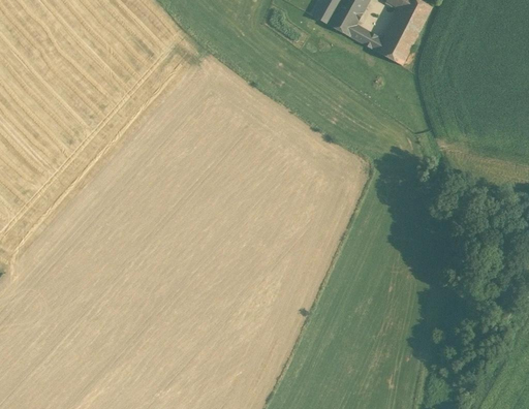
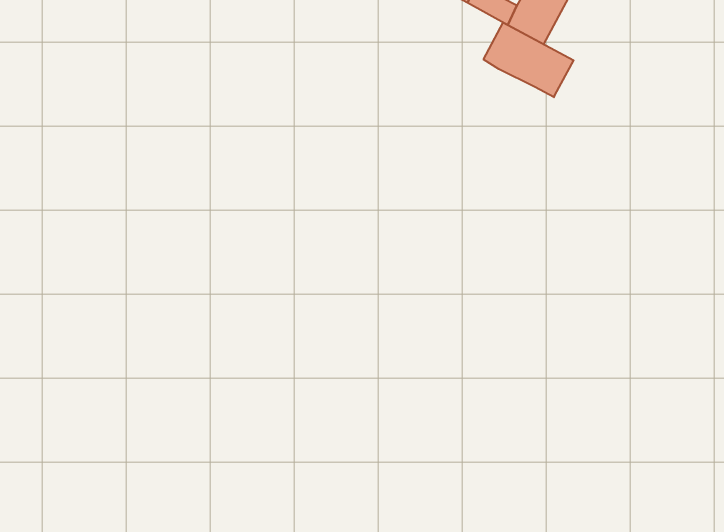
building: none -> [484,23,574,97]

